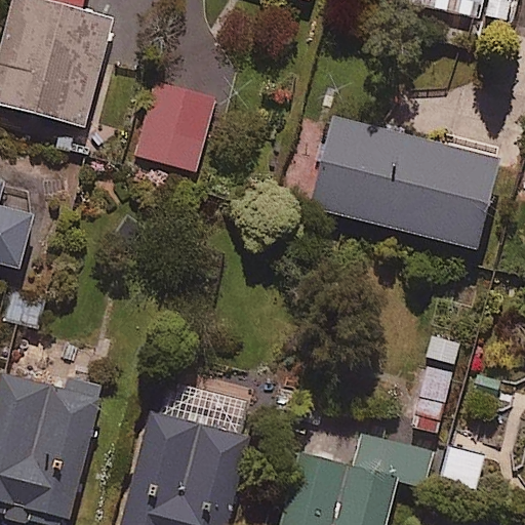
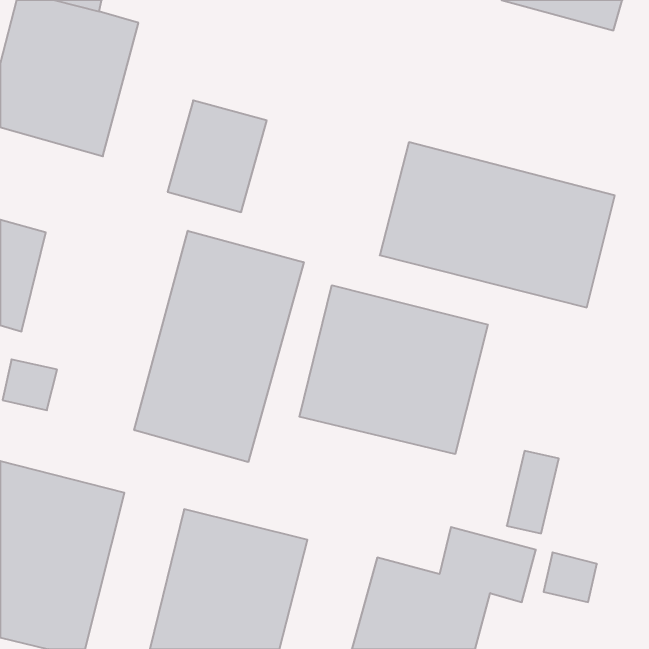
building: none -> [134,231,304,462]
building: none -> [299,285,488,454]

